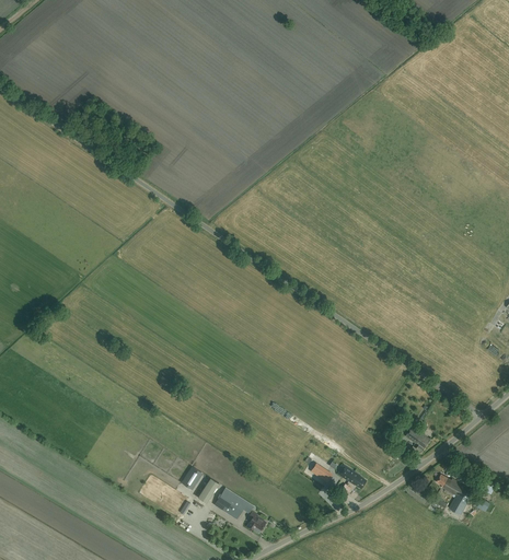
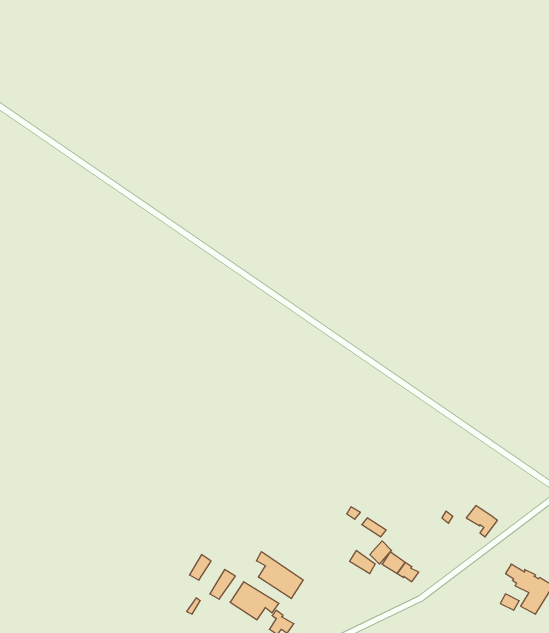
building: none -> [256,552,303,599]

